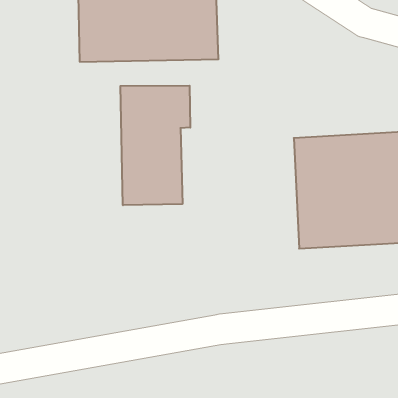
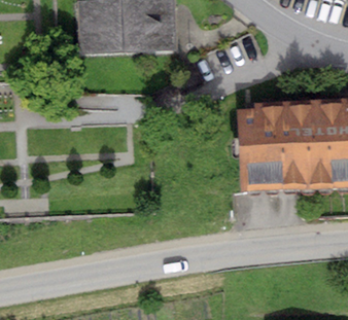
building: [120,86,190,205] -> none

